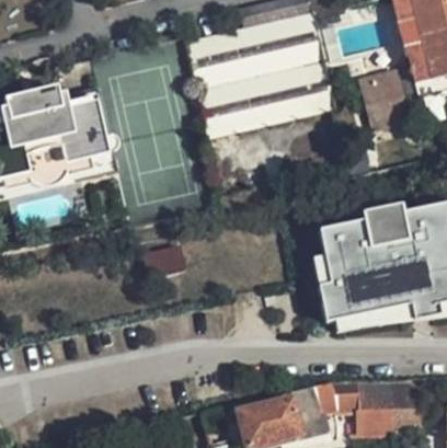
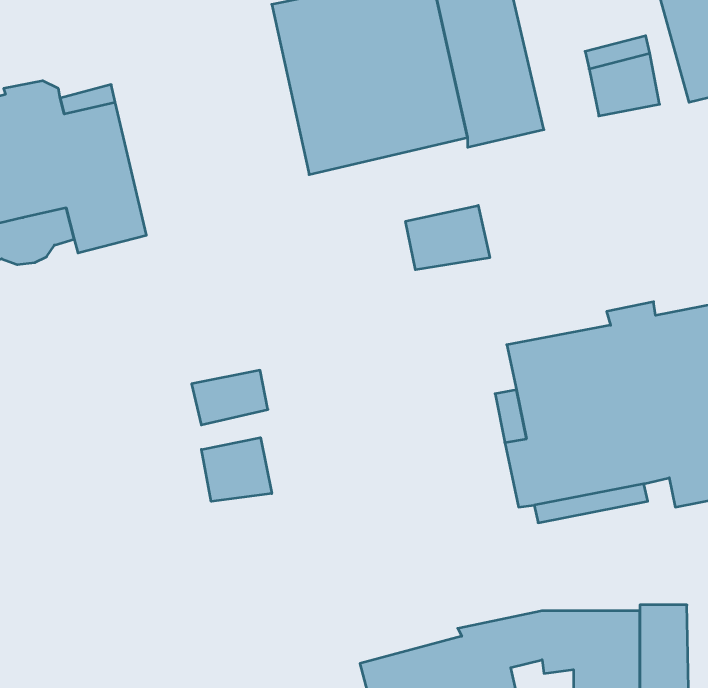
building: none -> [406,205,490,270]
building: none -> [201,438,272,501]

